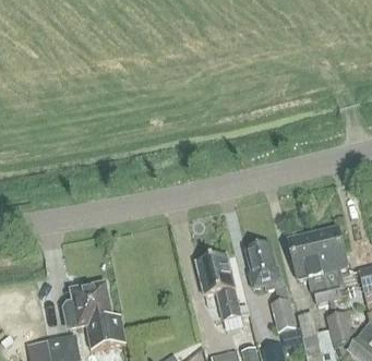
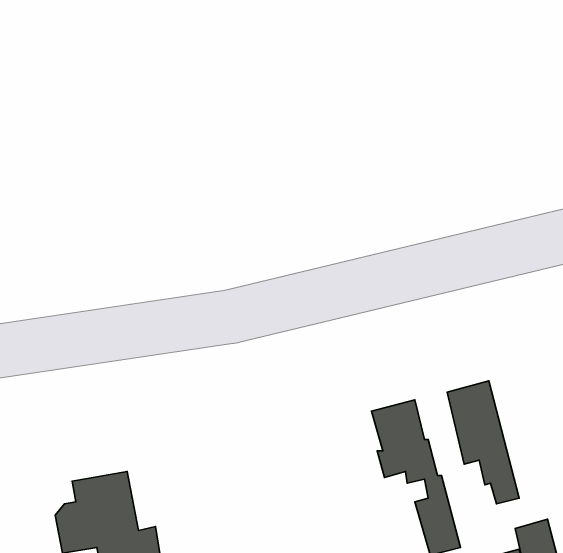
building: [311,226,346,299] -> none
building: [194,252,239,318] -> none

